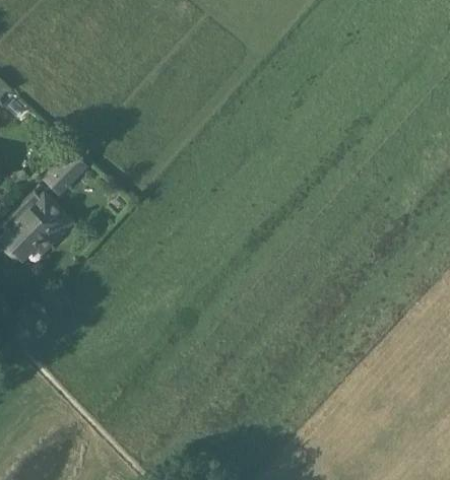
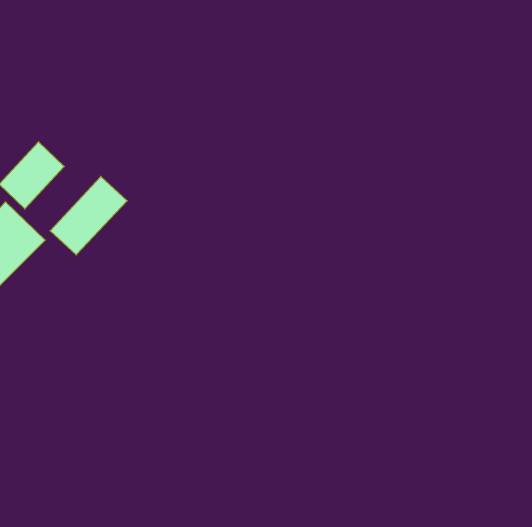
building: none -> [50,177,127,255]

